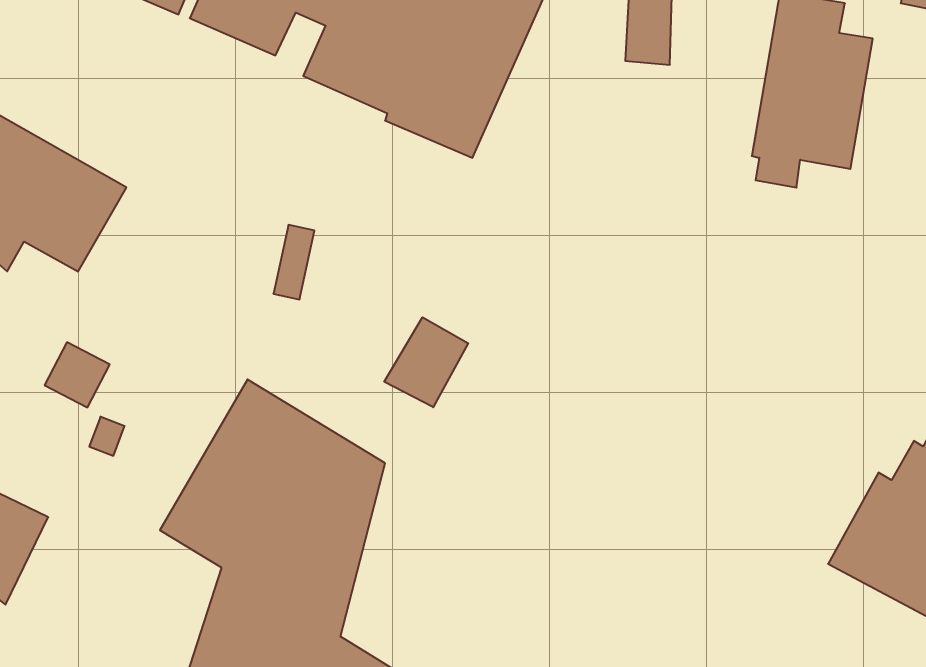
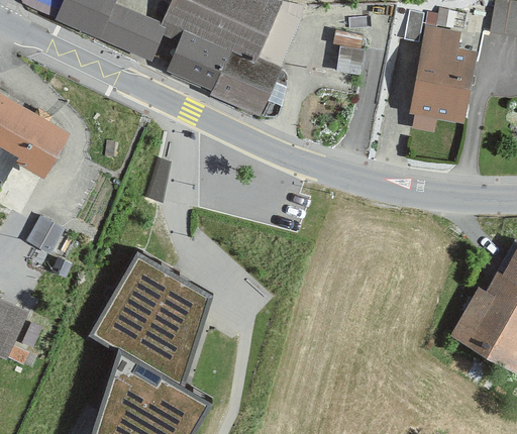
building: [384,317,468,407] -> none

